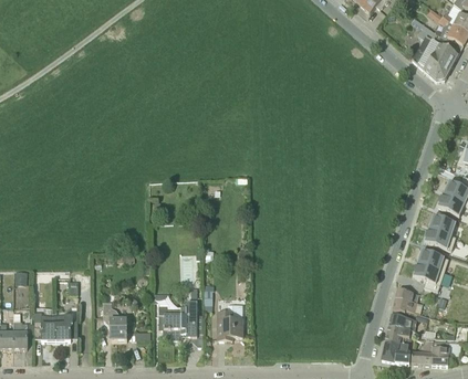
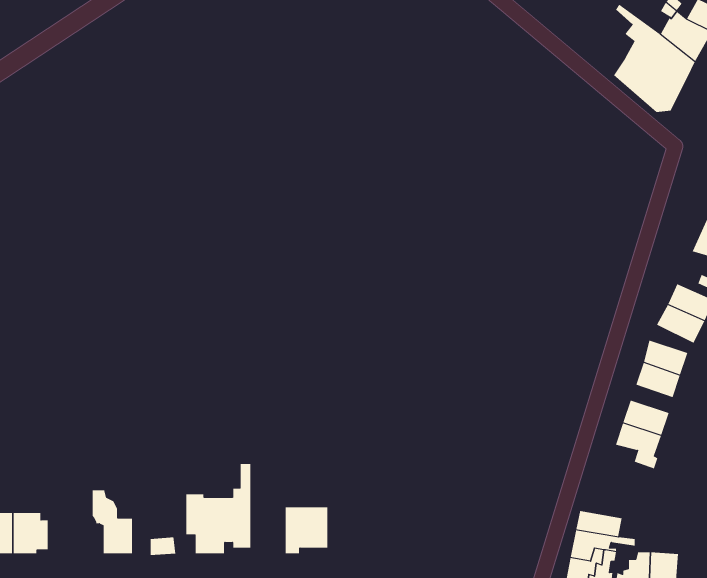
building: [392,287,422,313] -> none

